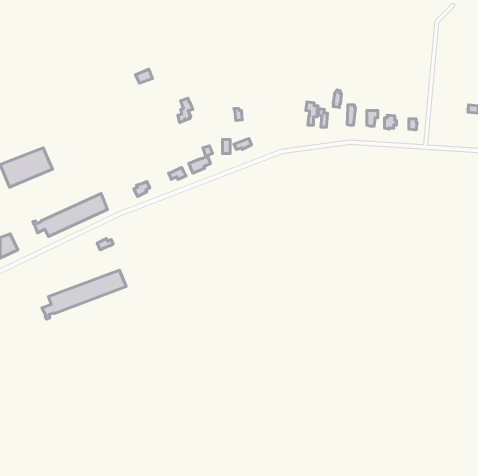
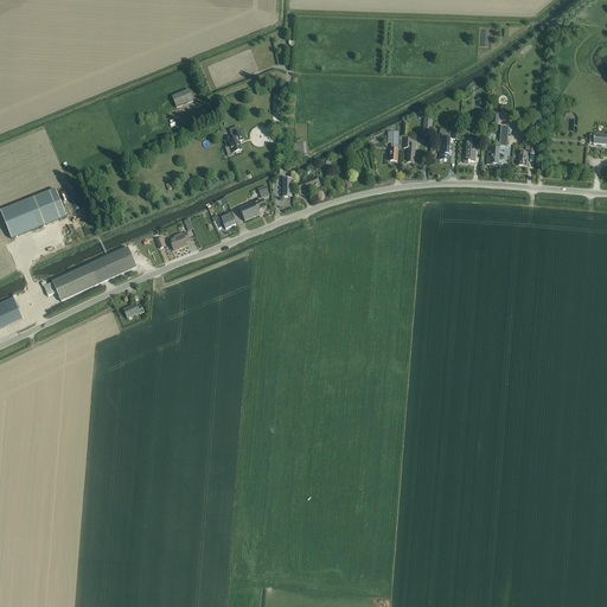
building: [42,270,126,319] -> none

